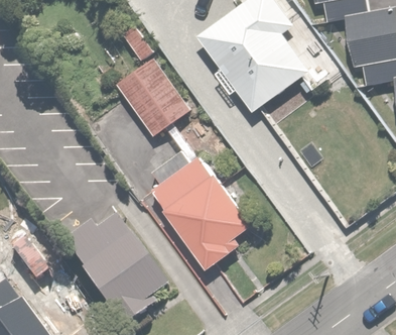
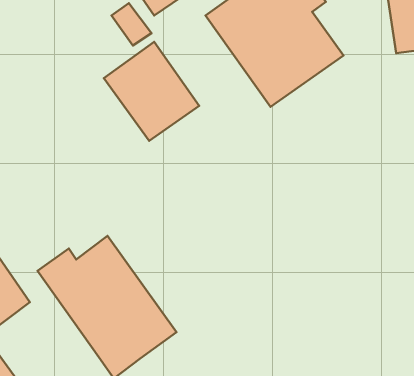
building: [149,154,251,267] -> none

